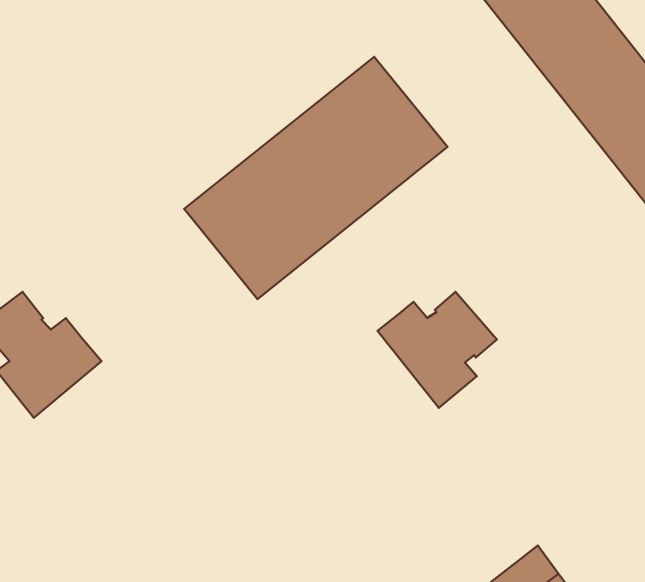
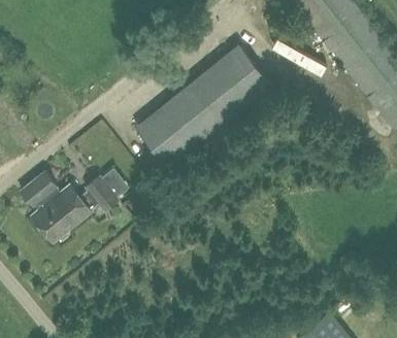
building: [377,292,497,408] -> none
building: none -> [78,175,120,212]

